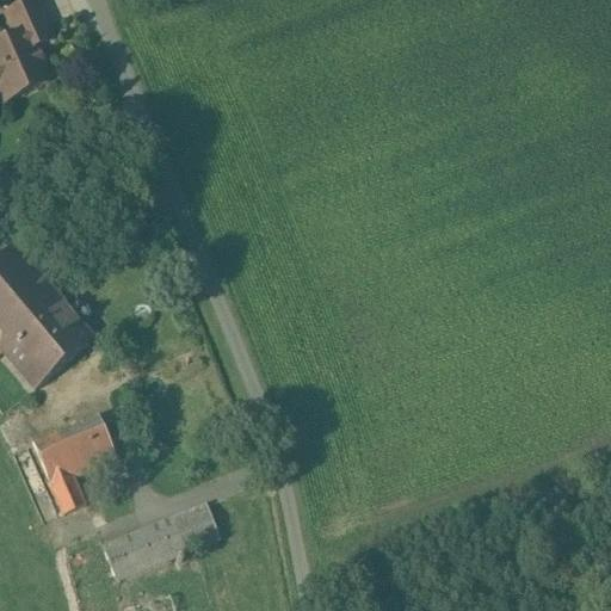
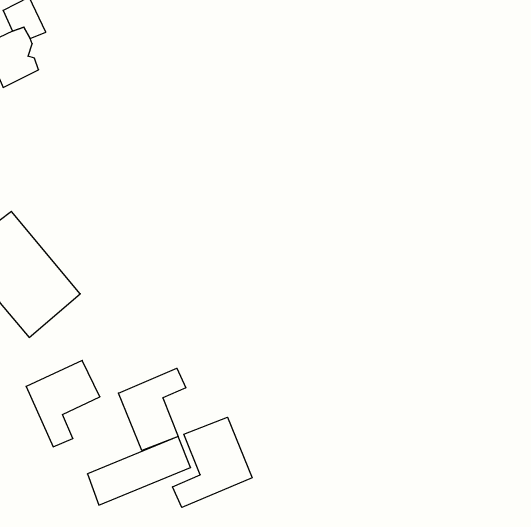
building: none -> [118,368,186,450]
building: none -> [173,417,252,507]

